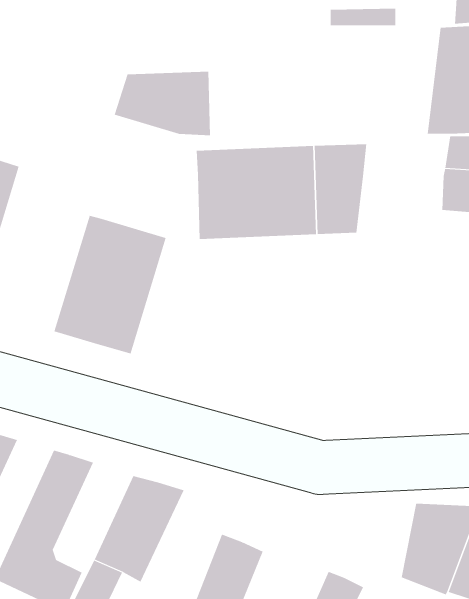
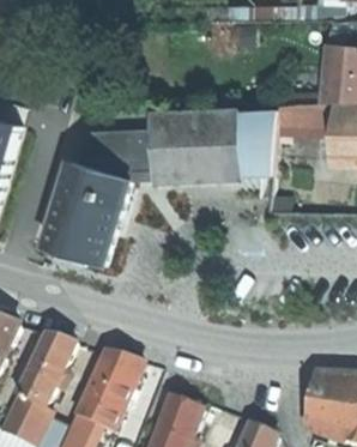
building: [114,71,211,136] -> [80,132,152,180]
building: none -> [274,102,338,133]

